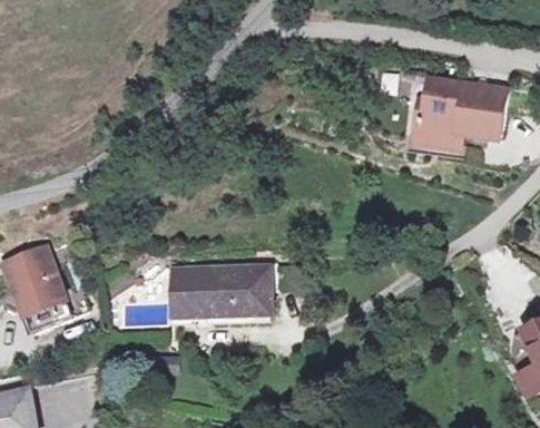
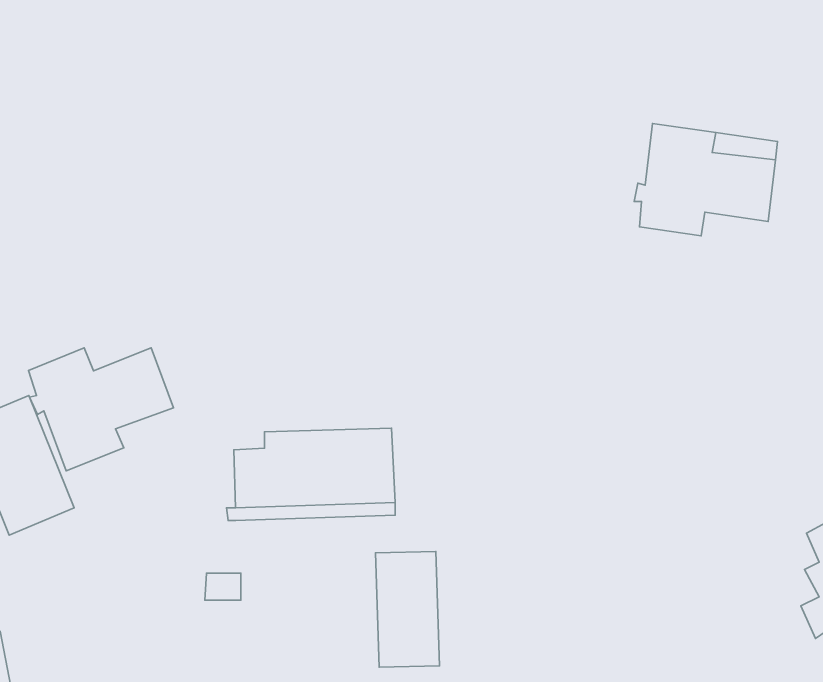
building: none -> [28,348,173,471]
building: none -> [375,551,439,667]

